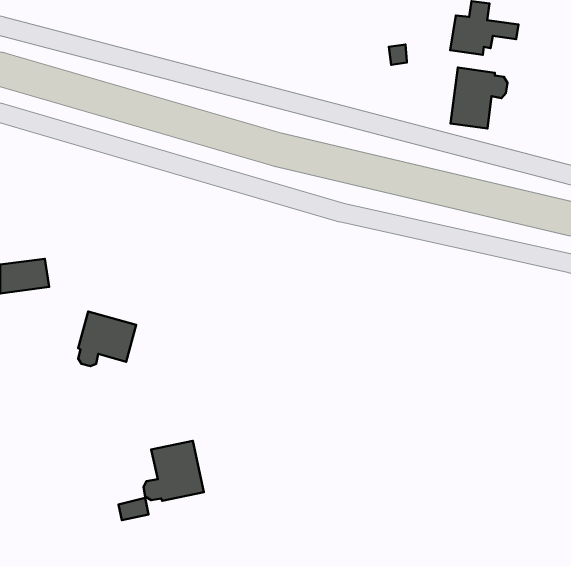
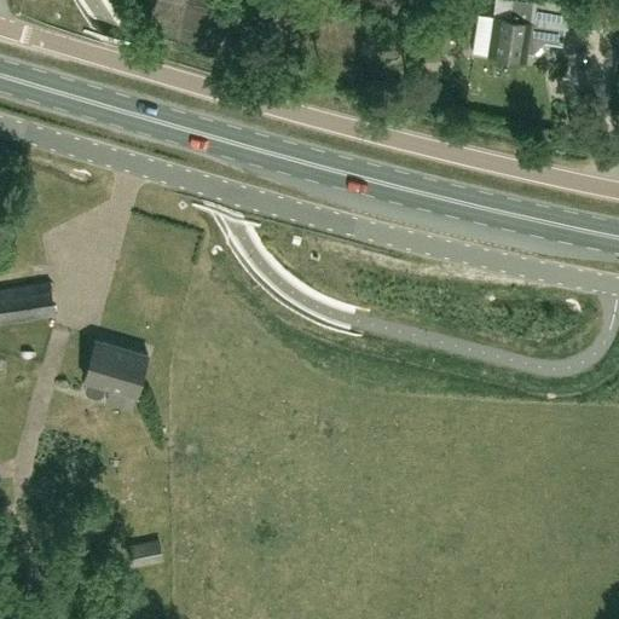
building: [450,68,507,129] -> none
building: [144,441,204,501] -> none

